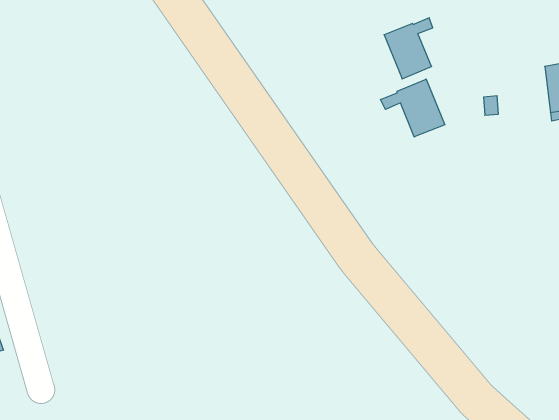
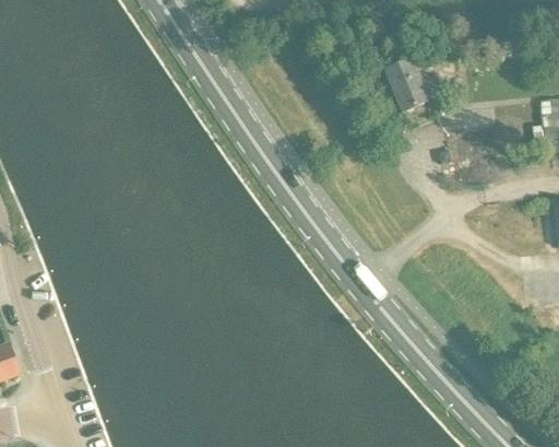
building: [381,79,445,137] -> none

